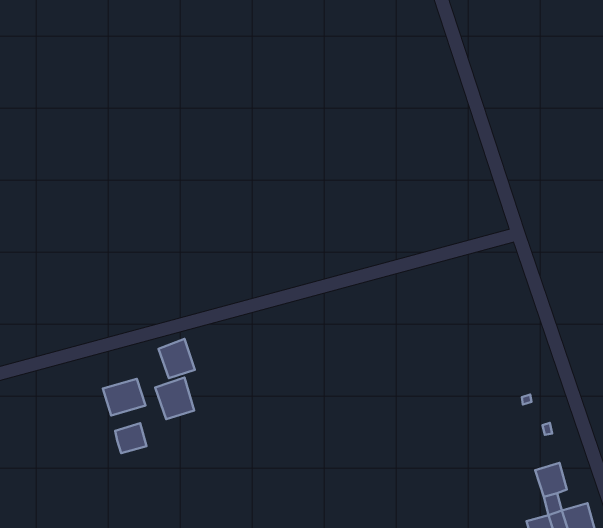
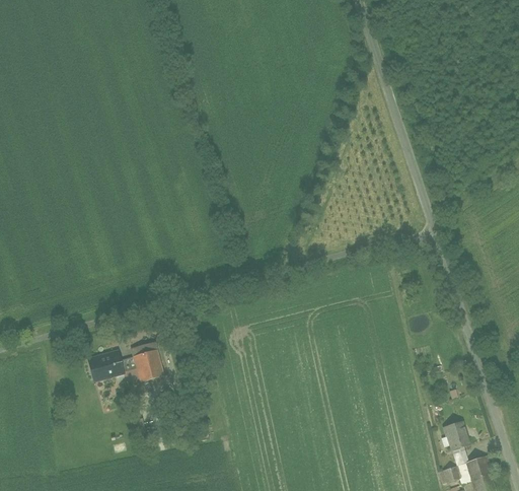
building: [158,339,195,378] -> none
building: [115,423,147,453] -> none

